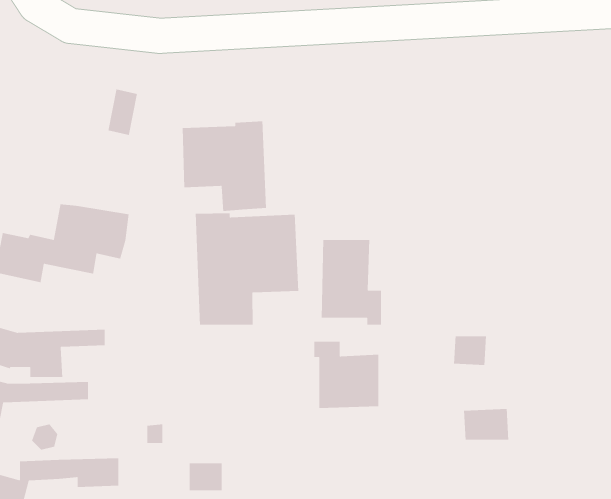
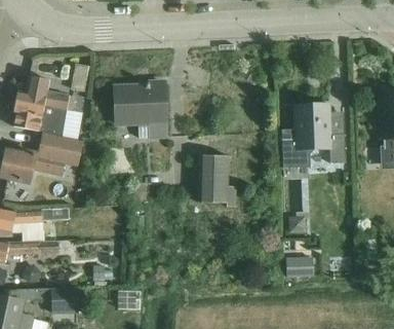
building: none -> [14,76,75,134]
building: none -> [281,103,347,168]
building: [195,213,299,326] -> none
building: [313,341,379,409] -> none

